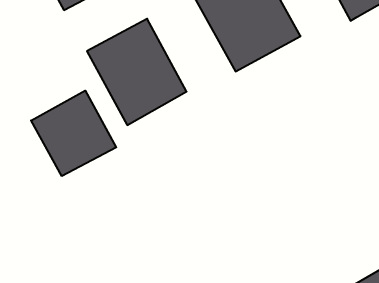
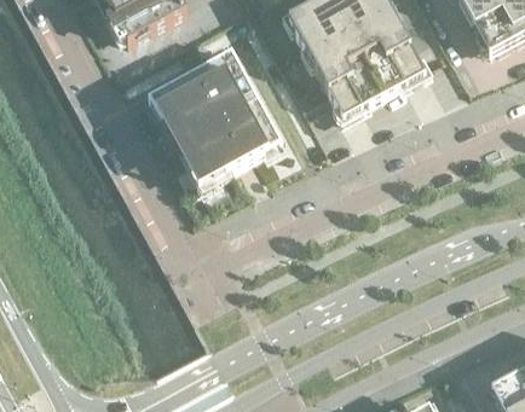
building: [31,91,116,176] -> none

